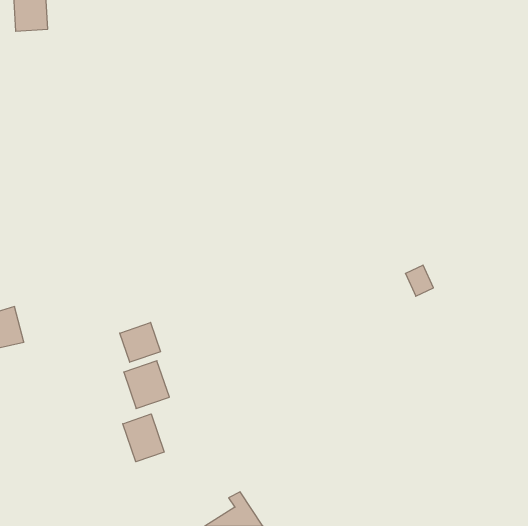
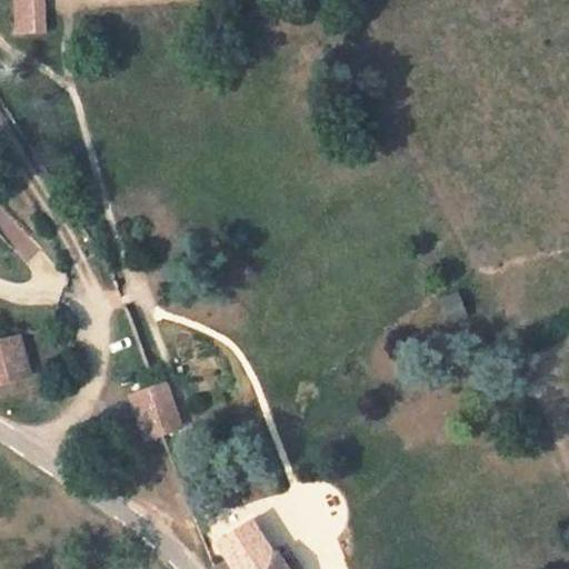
building: [120,322,161,362] -> none
building: [123,414,164,462] -> none

